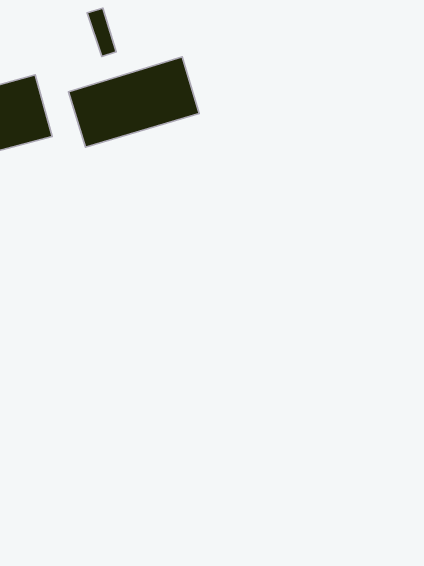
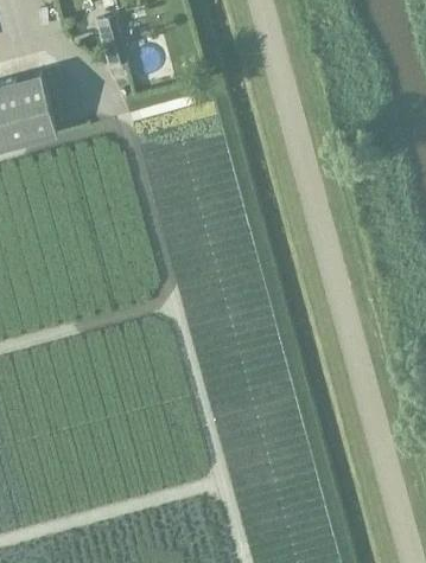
building: [68,57,199,147] -> none

